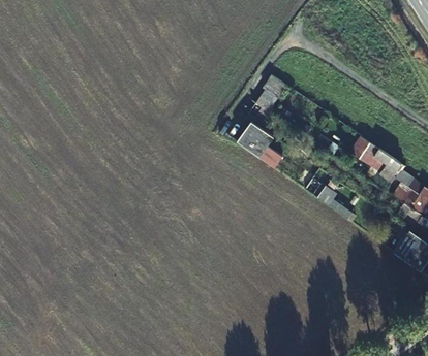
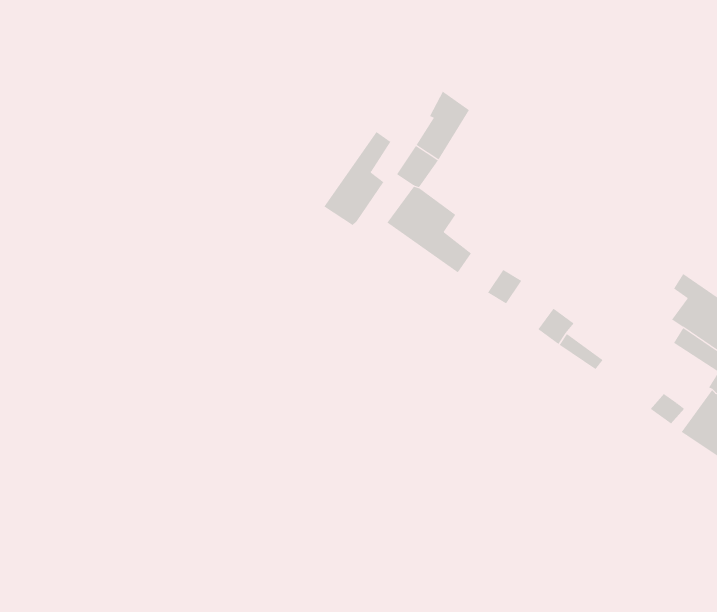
building: none -> [323,131,391,226]
building: [349,136,402,189] -> none

